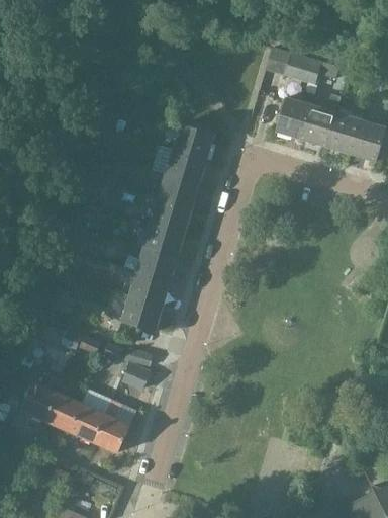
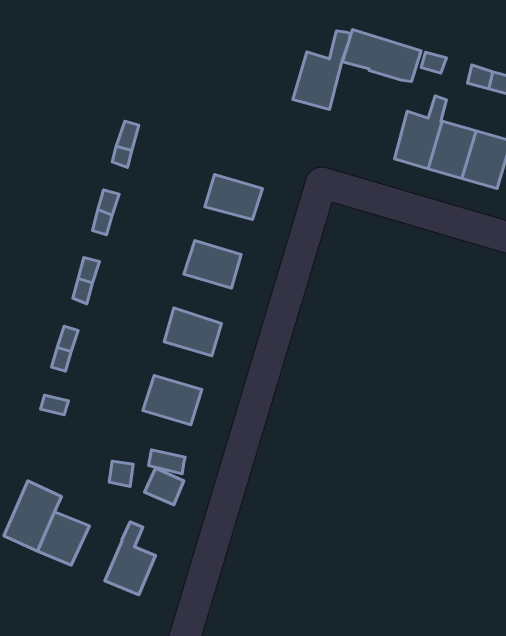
building: [275,83,316,140] -> [293,31,350,109]
building: [172,124,213,161] -> none
building: [158,174,199,208] -> none
building: [142,223,184,258] -> none
building: [128,271,170,306] -> none
building: [69,404,105,443] -> none

